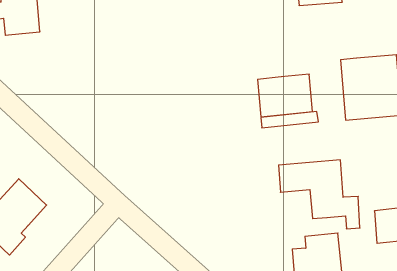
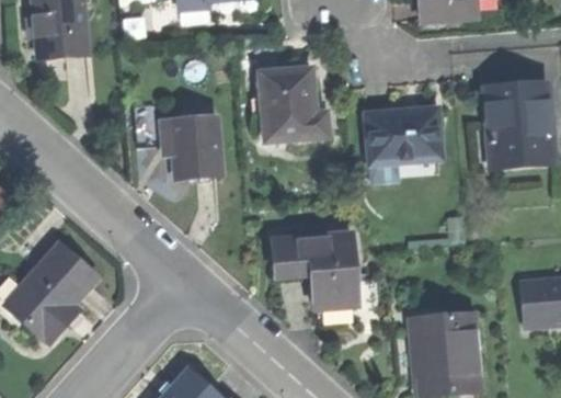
building: none -> [261,68,330,143]
building: none -> [161,115,221,177]
building: [279,160,360,229] -> [275,234,380,322]

